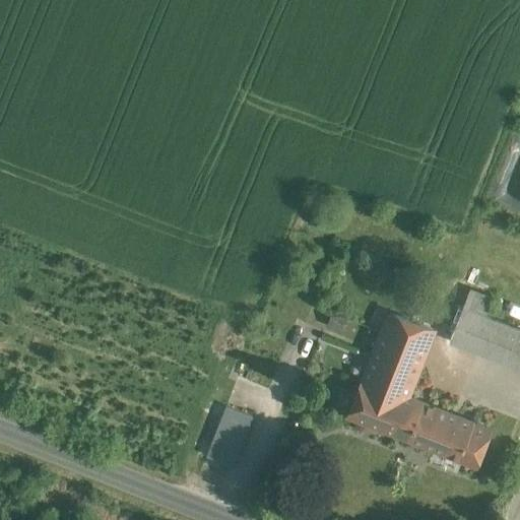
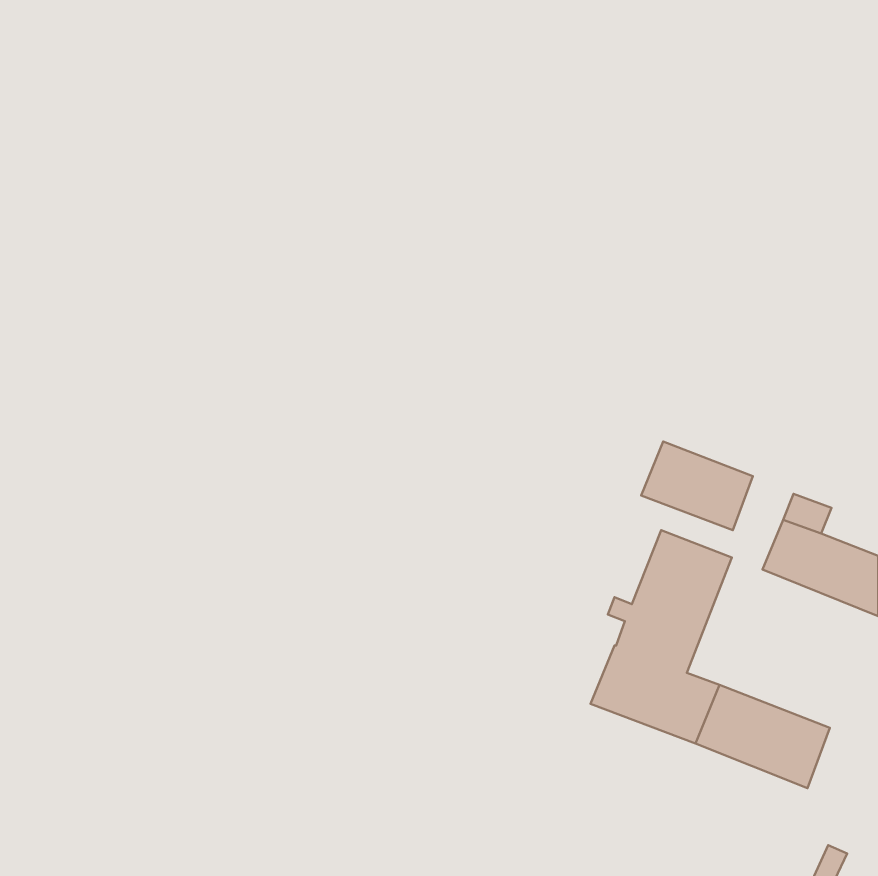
building: none -> [641,441,753,530]
building: [206,408,252,468] -> none

